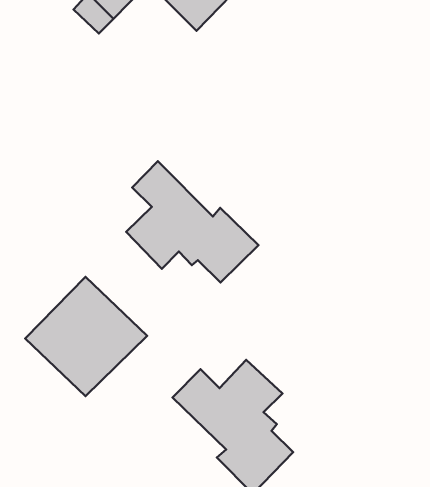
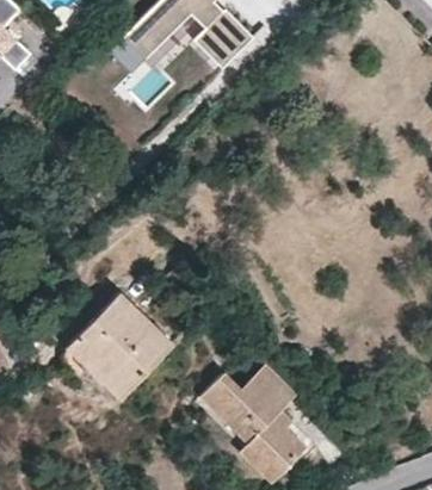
building: [126,161,258,282] -> none

